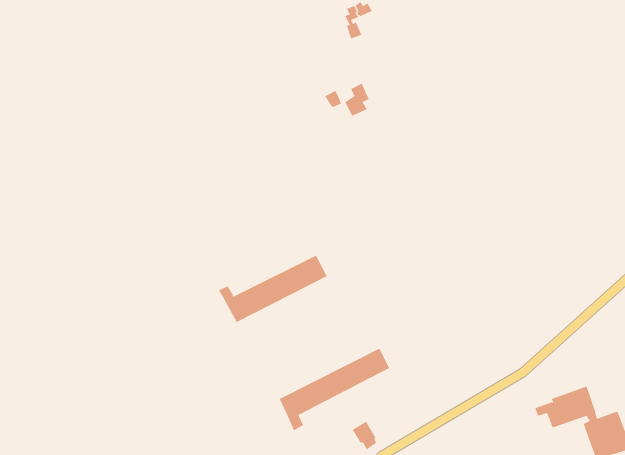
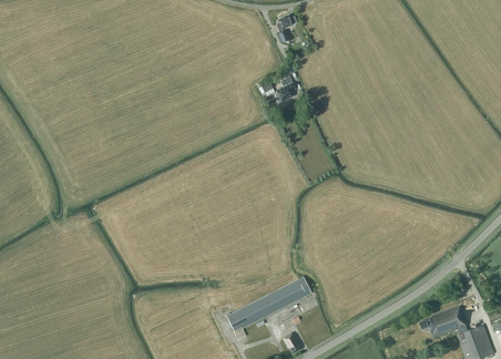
building: [218,255,327,323] -> none

